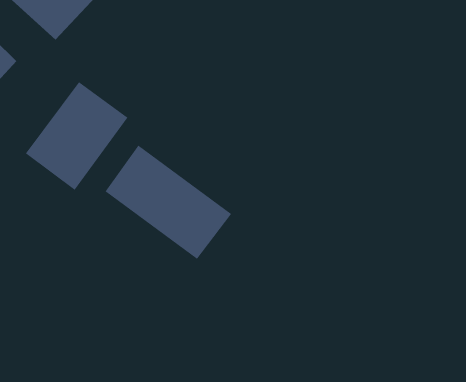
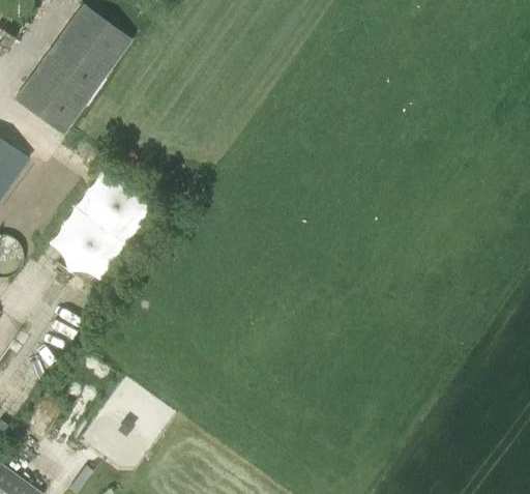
building: [105,145,232,260] -> none

